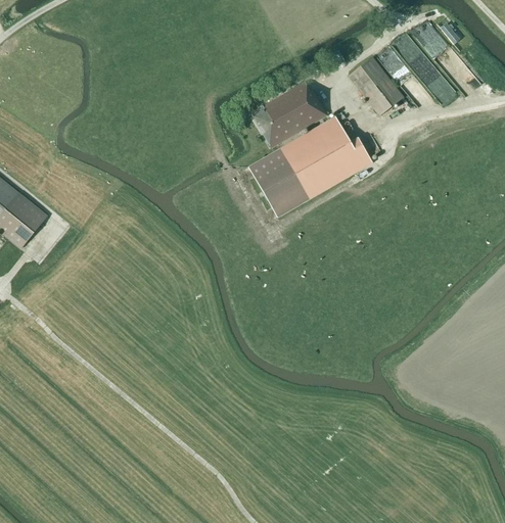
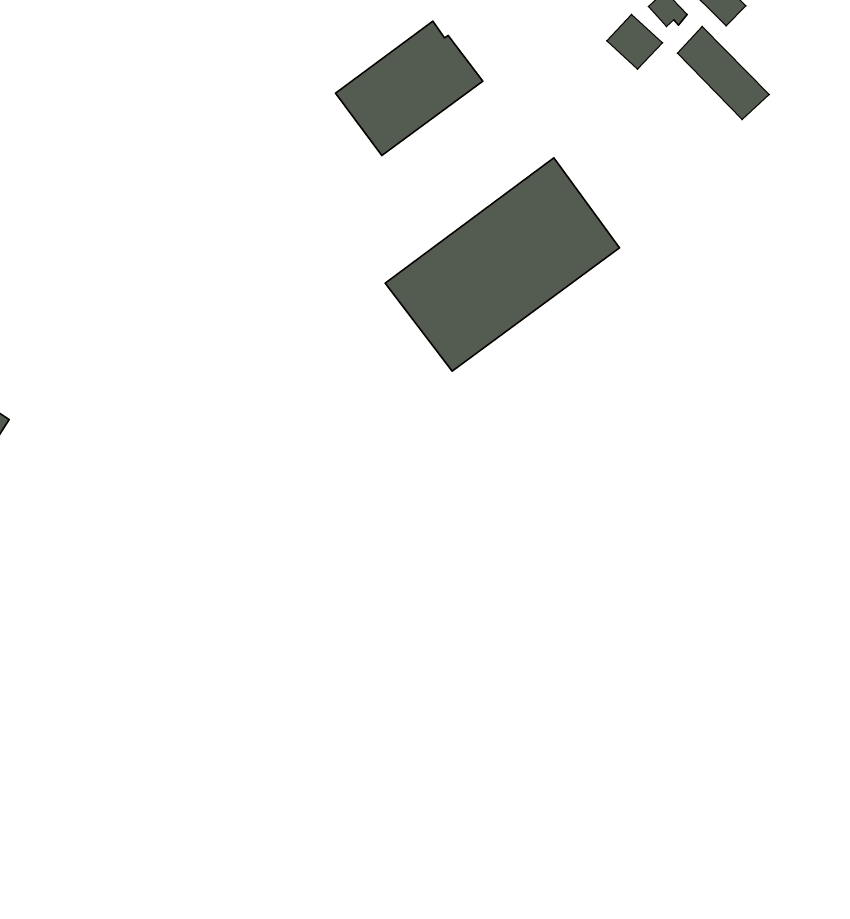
building: [348,57,404,116] -> none
building: [250,82,327,148] -> [335,21,483,156]

